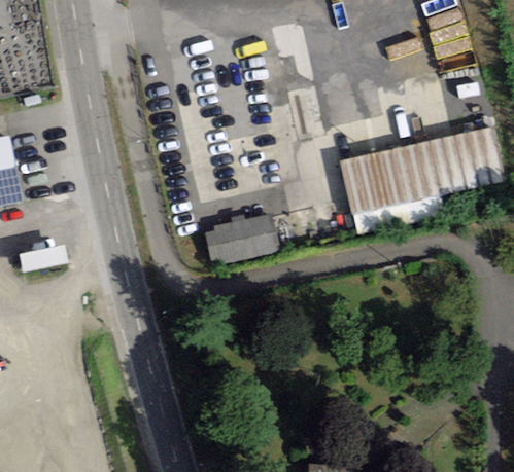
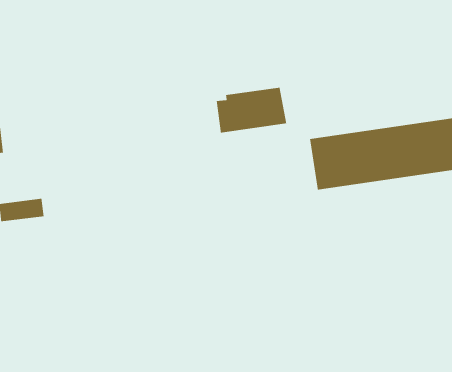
building: [204,214,280,267] -> [216,87,287,134]

